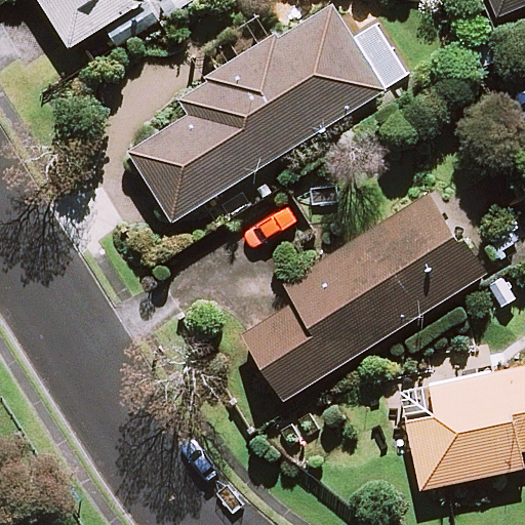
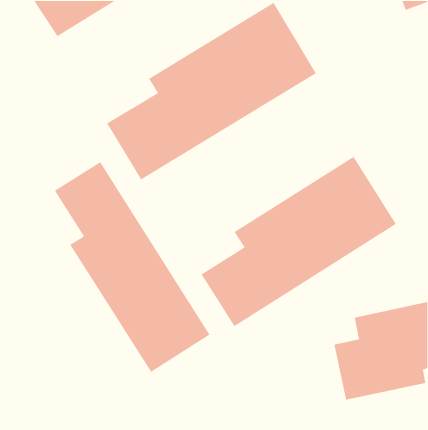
building: none -> [54,161,210,373]

